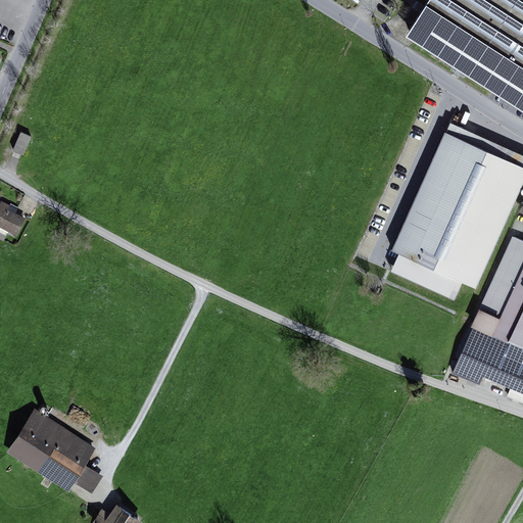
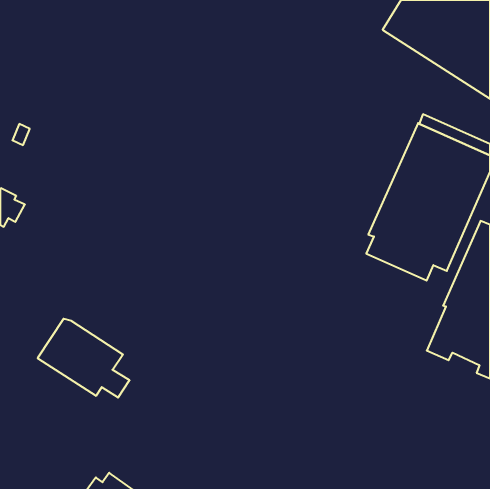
building: [6,412,104,495] -> [38,319,130,398]

